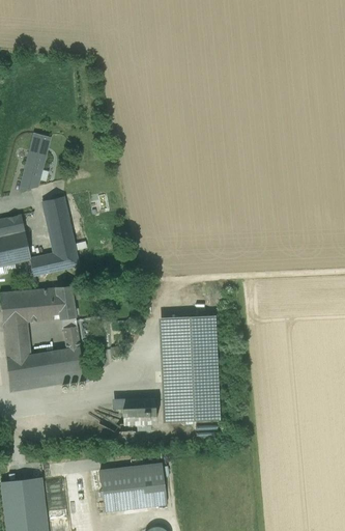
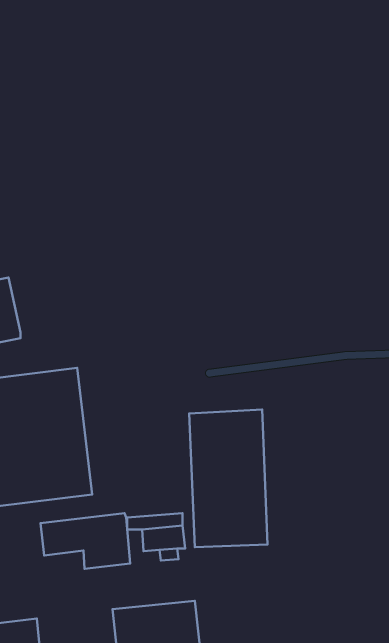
building: [19,134,53,193] -> none
building: [30,195,80,276] -> none
building: none -> [41,513,130,569]

